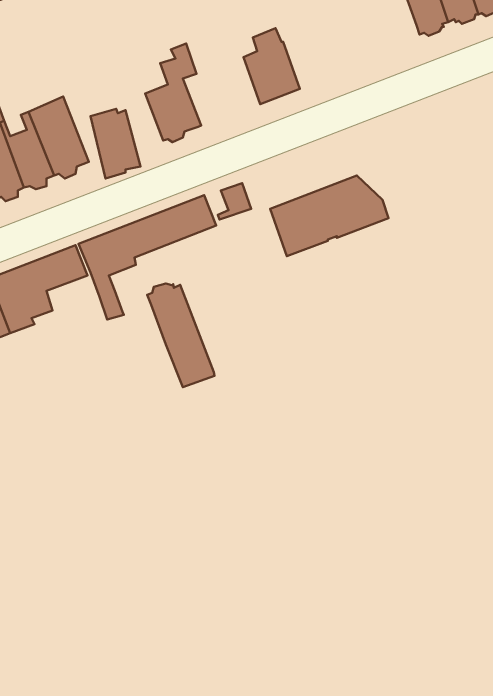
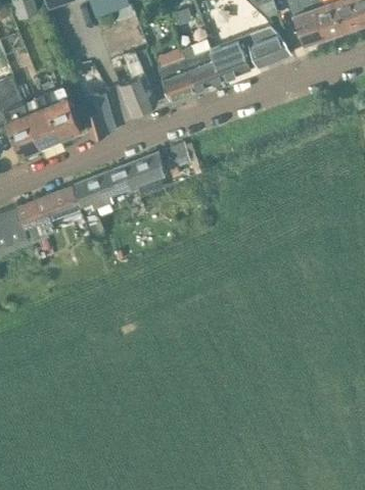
building: none -> [158,59,196,101]
building: [270,176,389,256] -> [212,27,291,81]
building: [147,283,215,387] -> none

